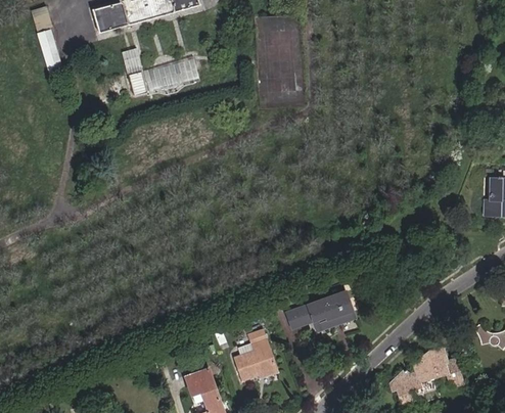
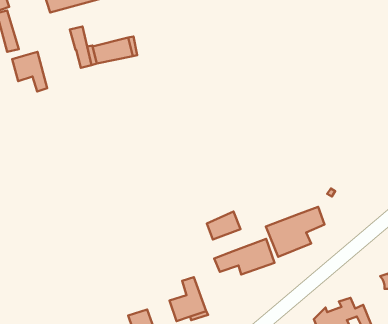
building: none -> [12,52,47,91]
building: none -> [266,207,325,257]
building: none -> [207,211,240,240]

